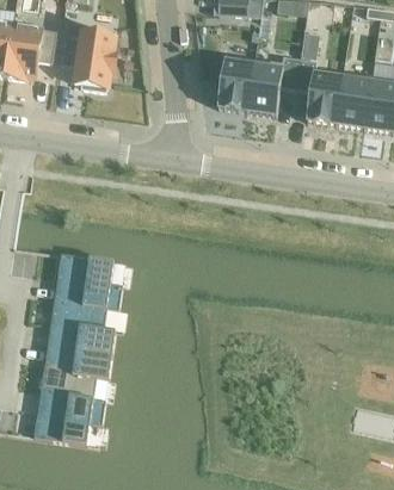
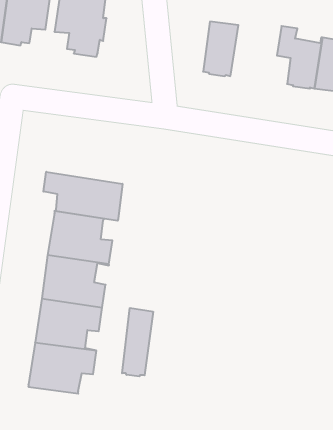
building: [246,56,300,116] -> none
building: none -> [43,172,122,221]
building: none -> [122,308,153,376]

